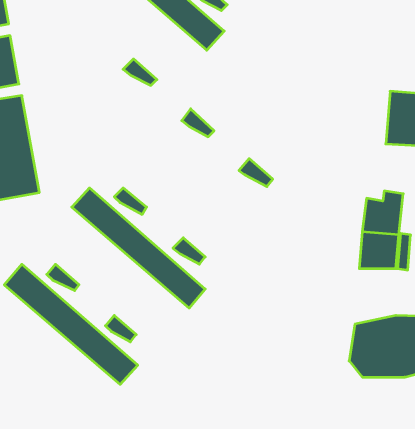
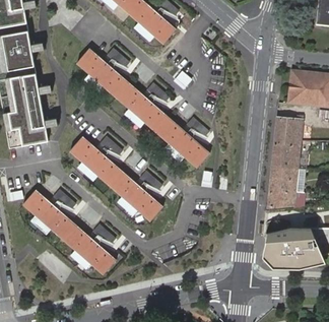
building: none -> [77,48,210,167]
building: none -> [274,116,303,146]
building: none -> [267,193,294,208]

